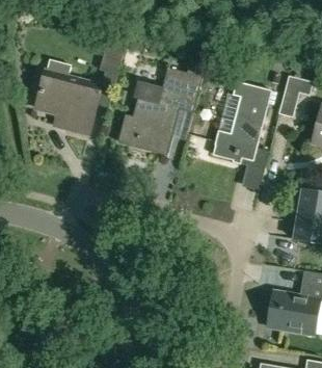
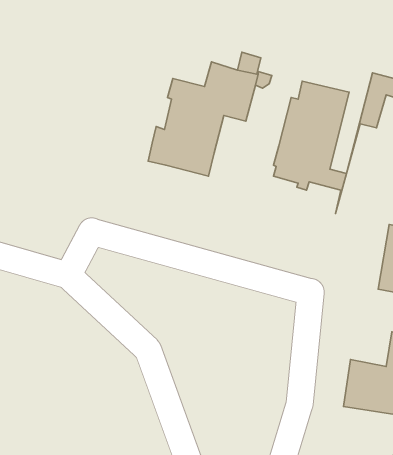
building: [35,29,128,133] -> none

